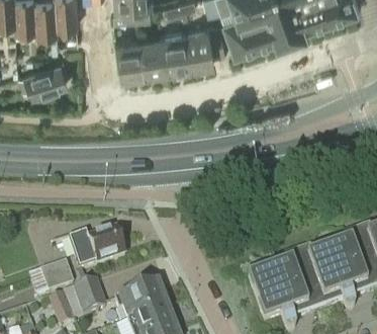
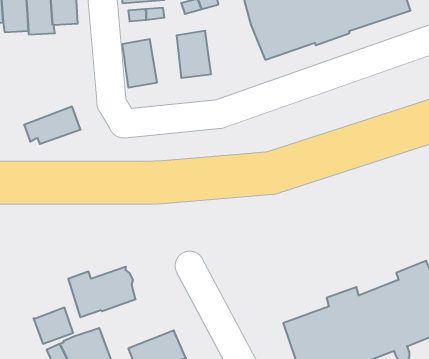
building: [184,26,224,69] -> none
building: [137,36,164,76] -> none
building: [19,66,67,97] -> [24,107,81,144]

